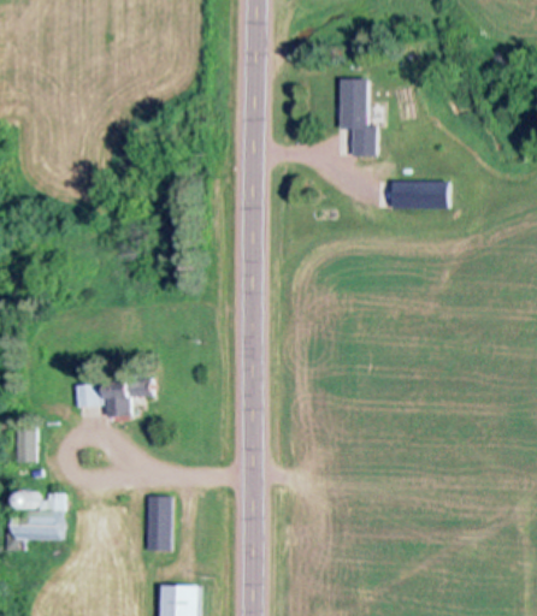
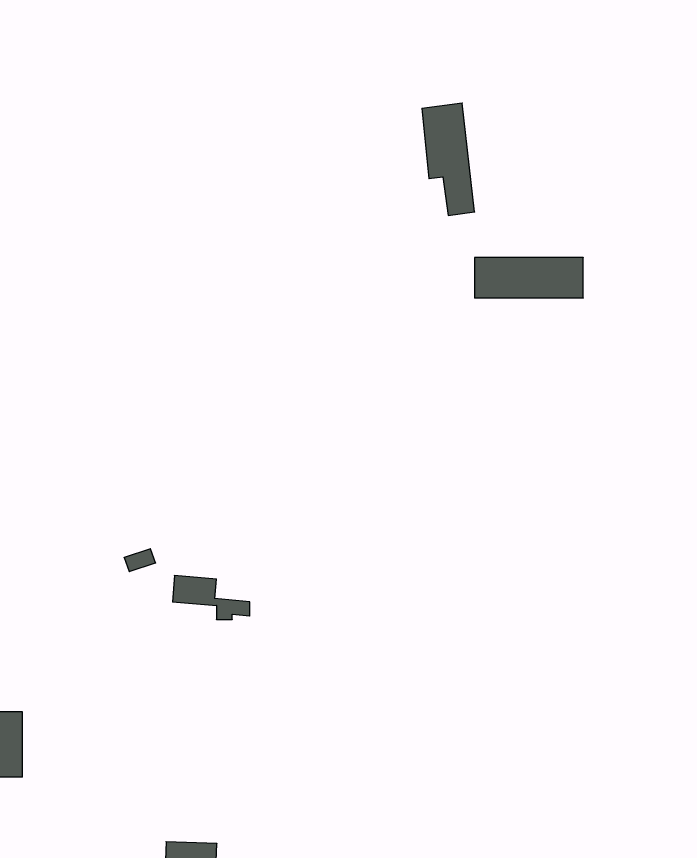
building: [77,384,130,414] -> [173,576,250,619]
building: [148,498,171,551] -> none

